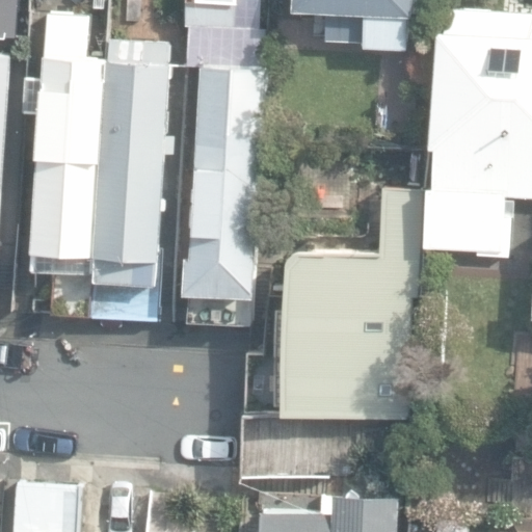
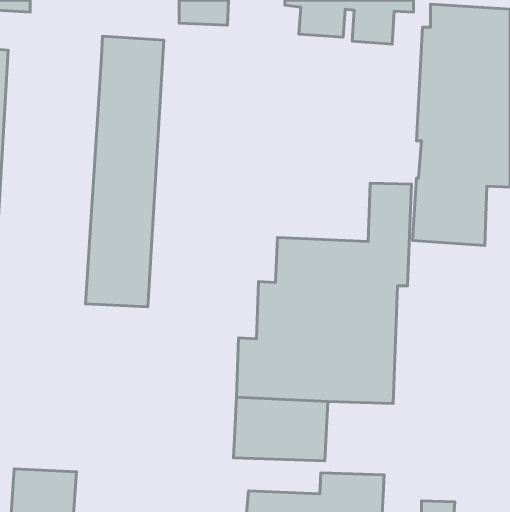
building: [29,14,105,316] -> none
building: [181,66,264,324] -> none

